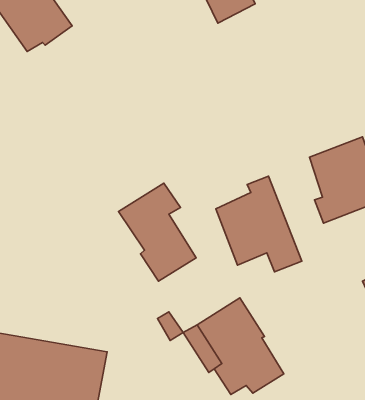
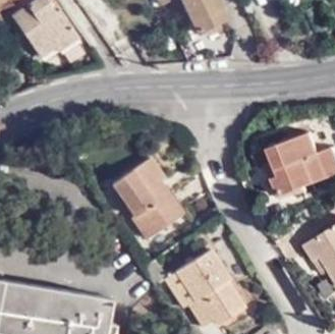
building: [216,176,302,272] -> none

